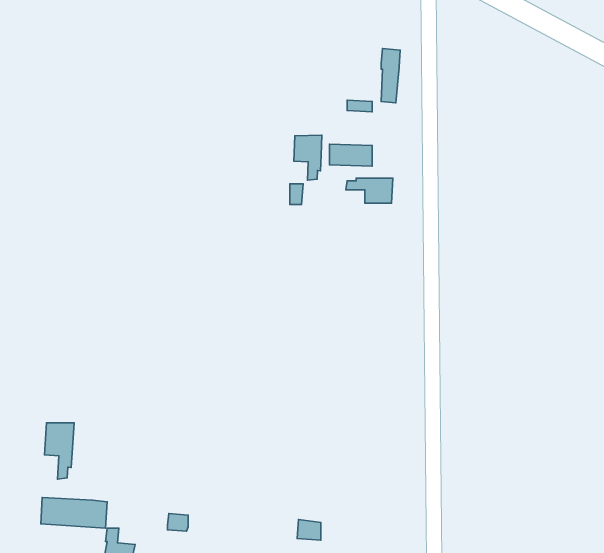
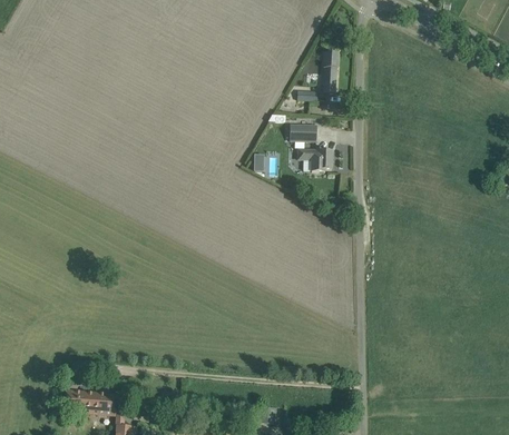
building: [294,135,322,180] -> none
building: [44,423,74,479] -> none

